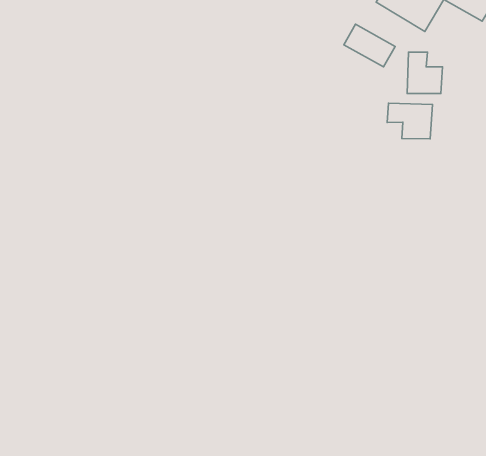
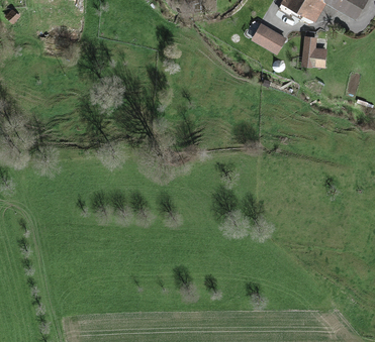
building: [387,103,433,139] -> none

